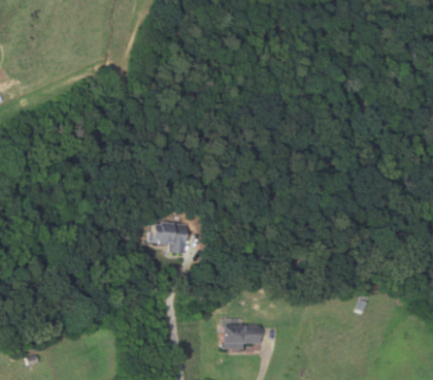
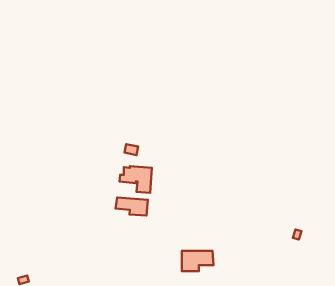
building: none -> [115,197,148,216]

